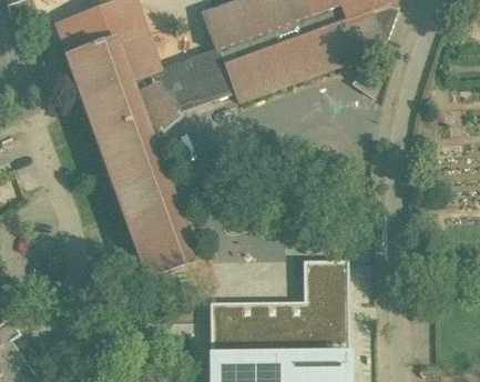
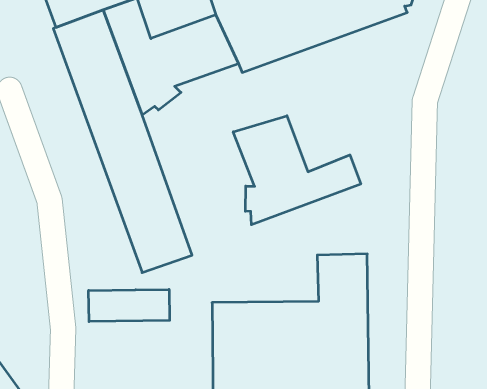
building: none -> [233,116,361,225]
building: none -> [89,289,170,322]

